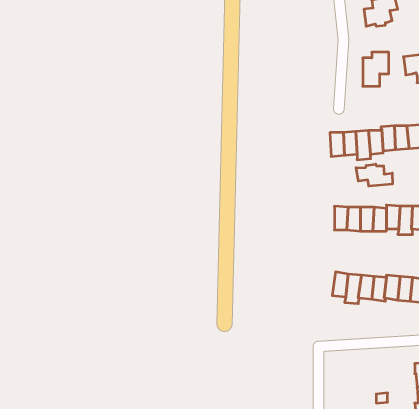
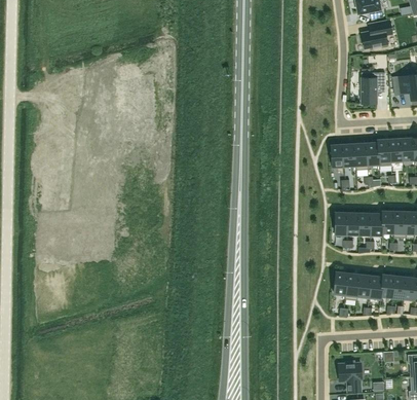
building: [356,164,392,186] -> none
building: none -> [339,360,363,392]

